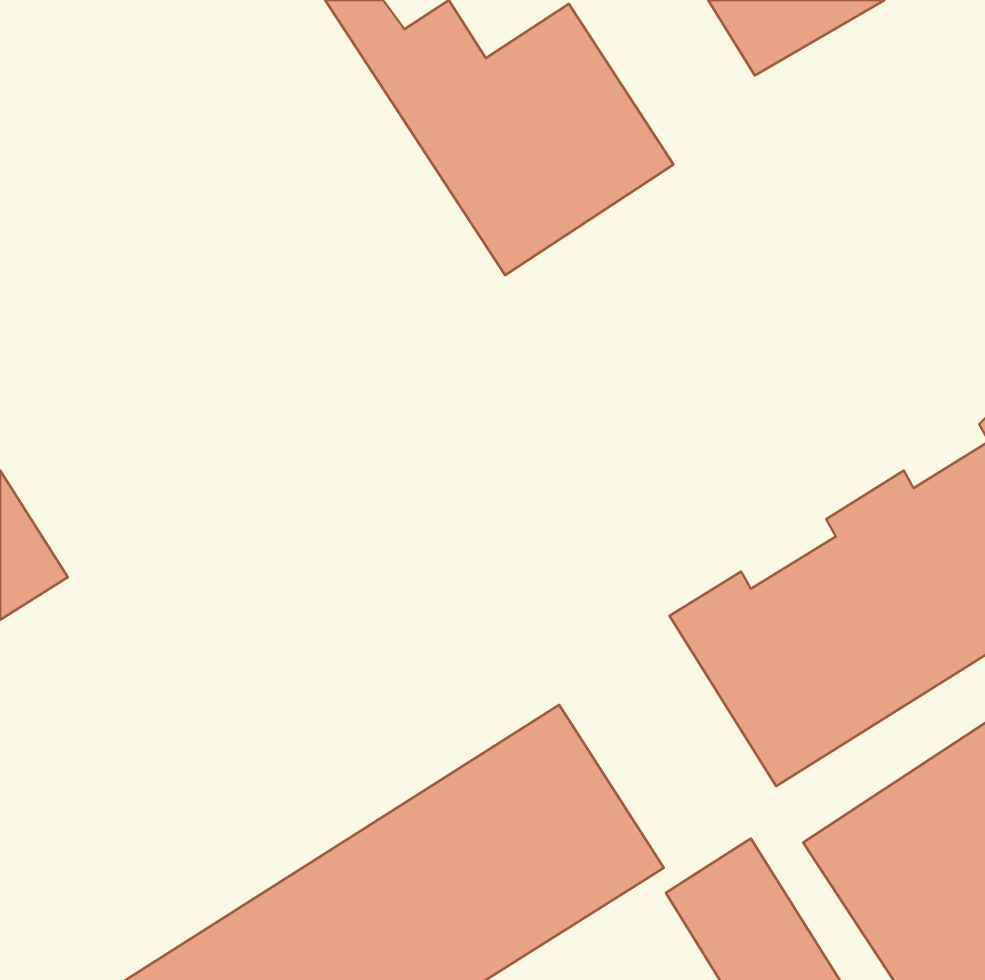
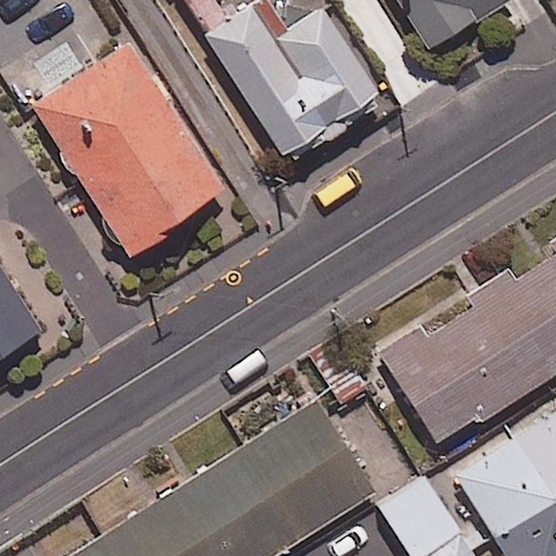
building: none -> [34,43,222,249]

